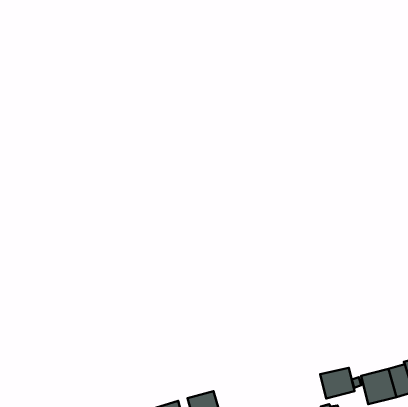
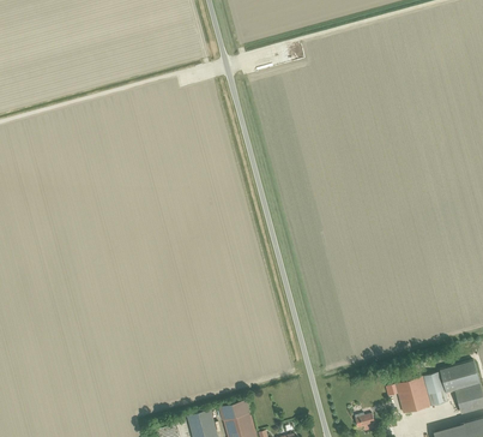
building: [320,368,355,398] -> none

